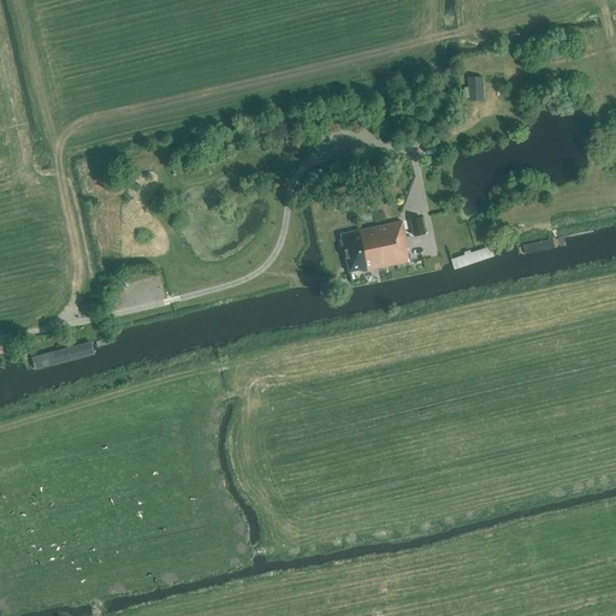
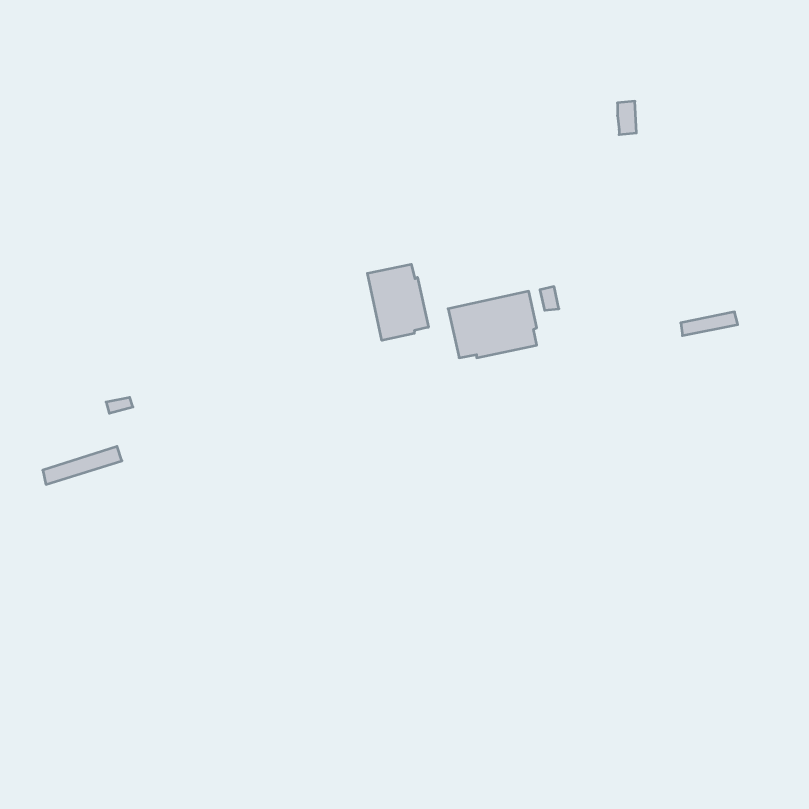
building: none -> [367,264,428,340]

